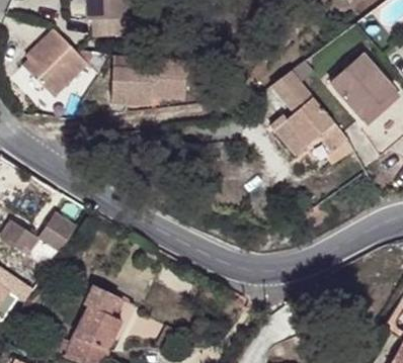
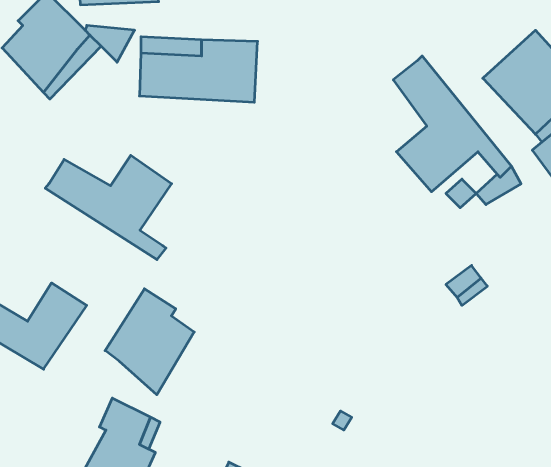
building: none -> [45,155,172,260]
building: none -> [105,289,194,395]

